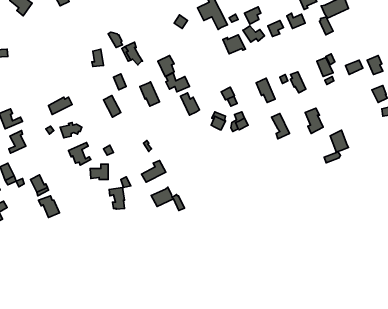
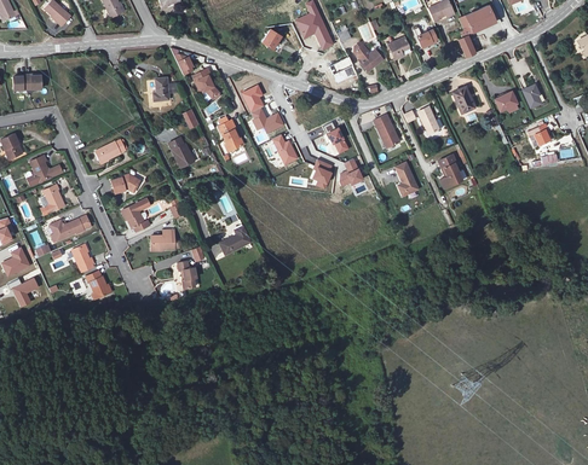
building: [324,130,349,163] -> none
building: none -> [50,215,90,245]
building: [151,187,184,211] -> none

